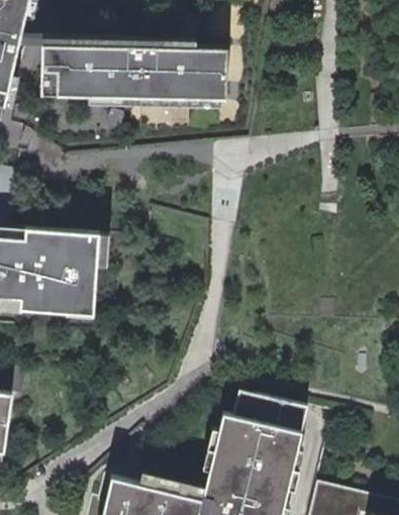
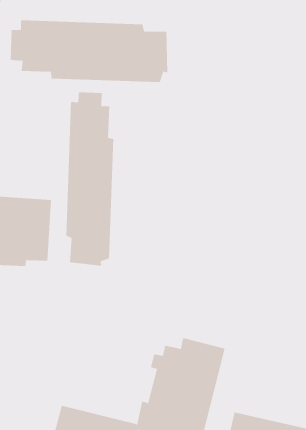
building: none -> [66,91,114,267]

